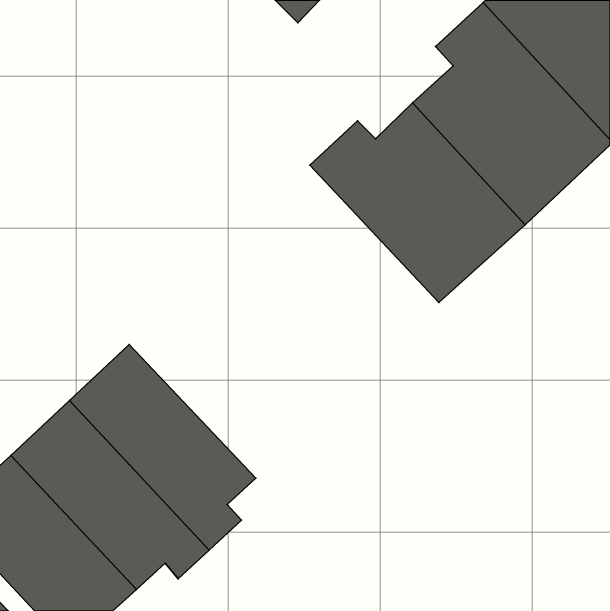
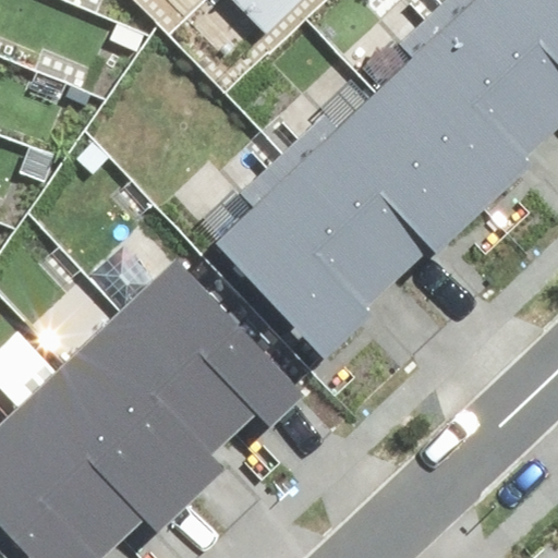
building: none -> [218,150,400,351]
building: none -> [118,259,304,436]

